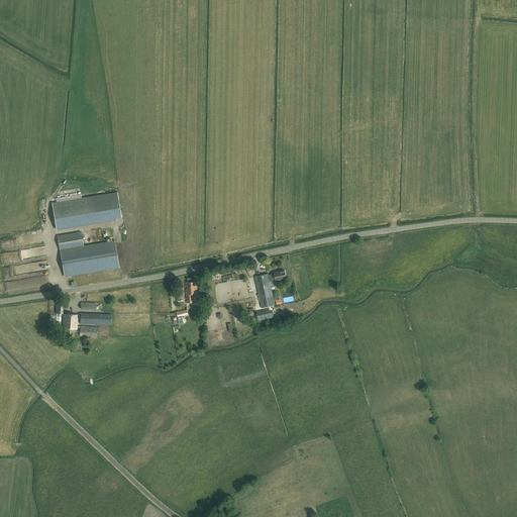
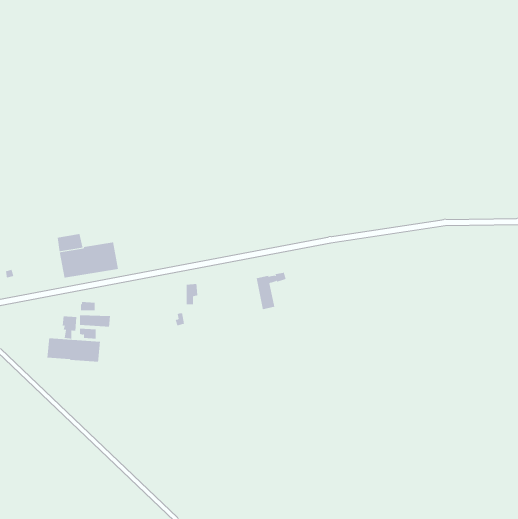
building: [50,192,120,226] -> none
building: none -> [47,338,100,363]

